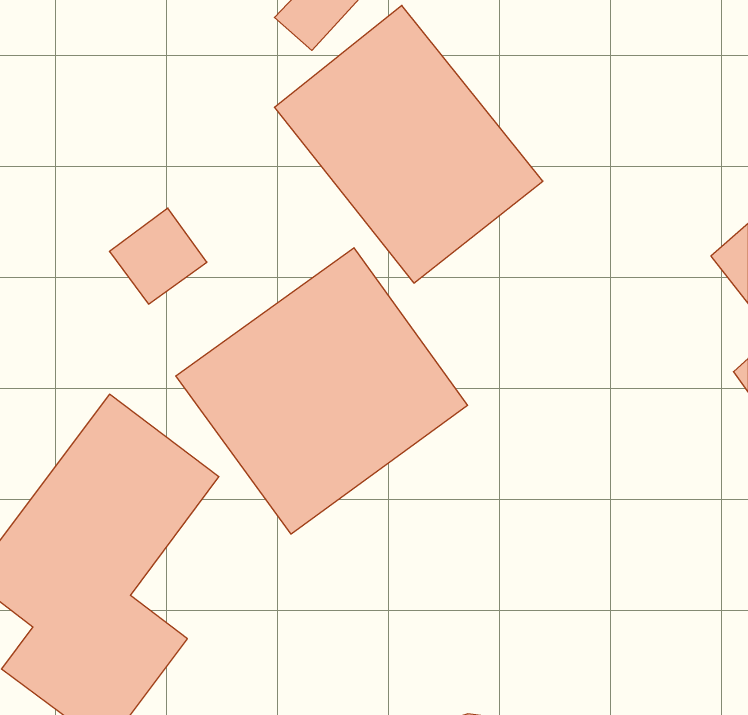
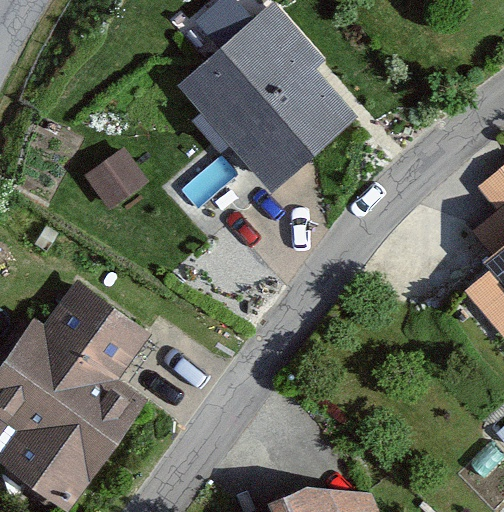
building: [176,248,468,534] -> none

